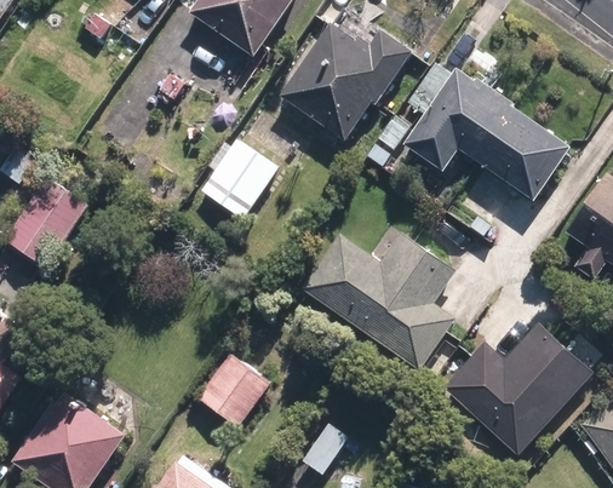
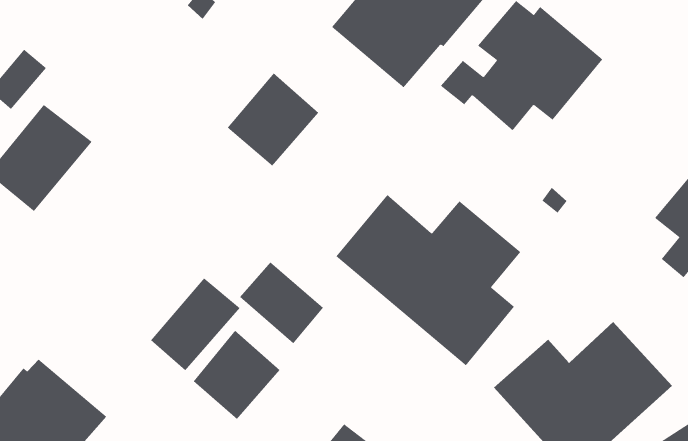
building: [474,103,569,197] -> none
building: none -> [239,262,324,344]
building: none -> [150,278,241,371]

